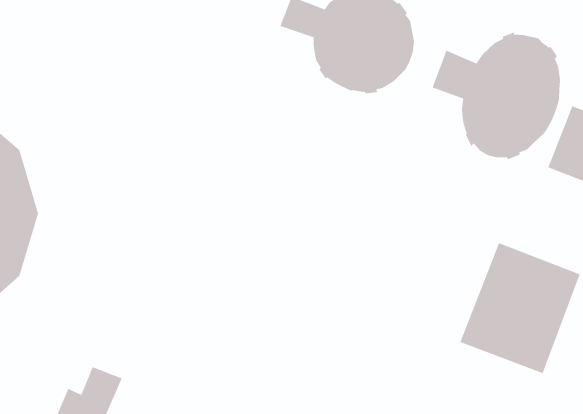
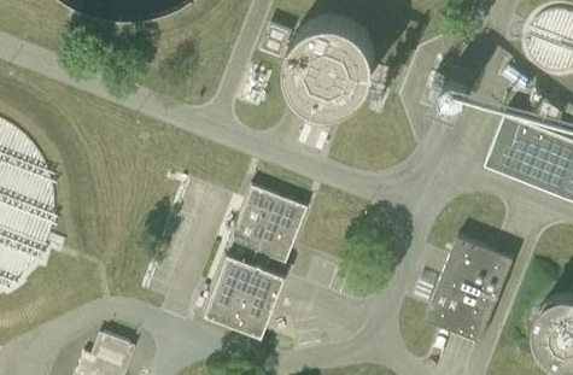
building: [432,31,560,160] -> none
building: none -> [201,186,306,335]

